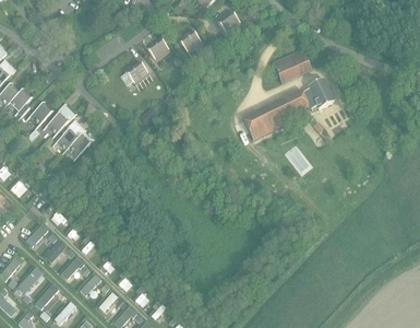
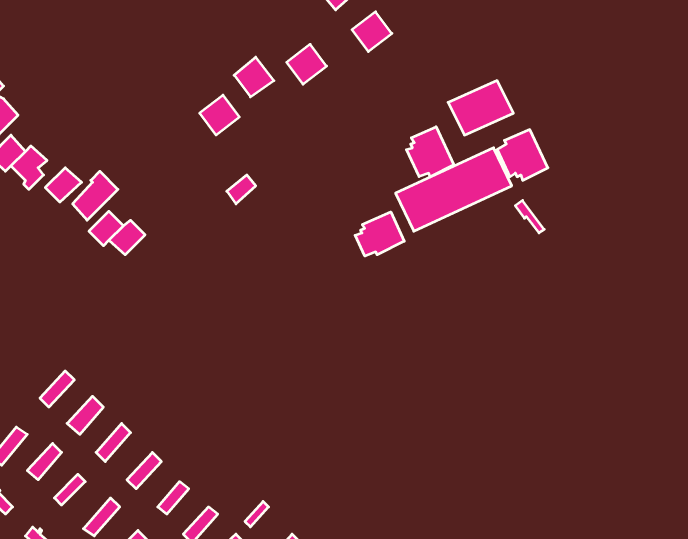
building: none -> [406,127,454,177]
building: none -> [355,212,404,256]

